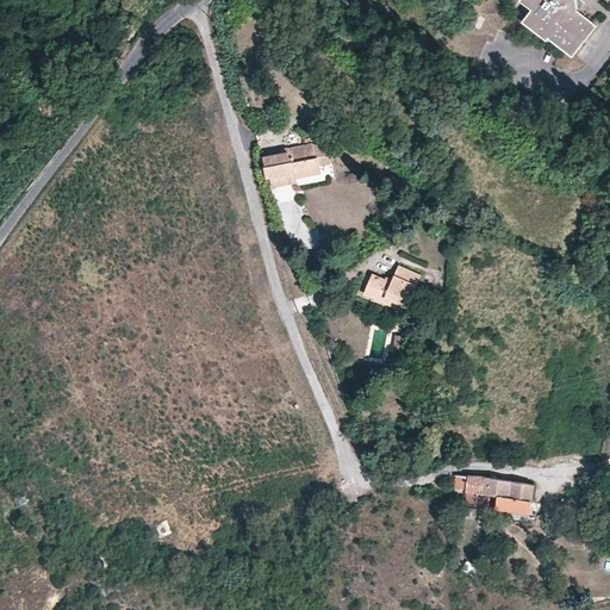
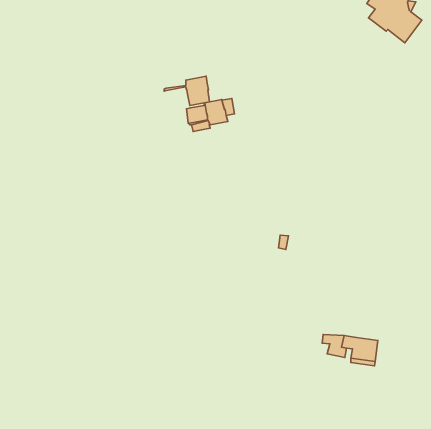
building: none -> [164,76,209,106]
building: [362,266,418,312] -> none

